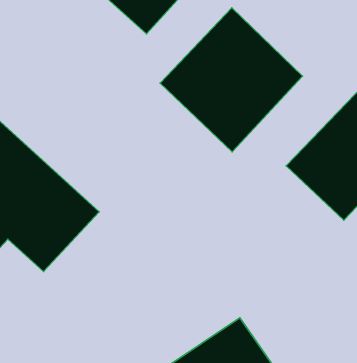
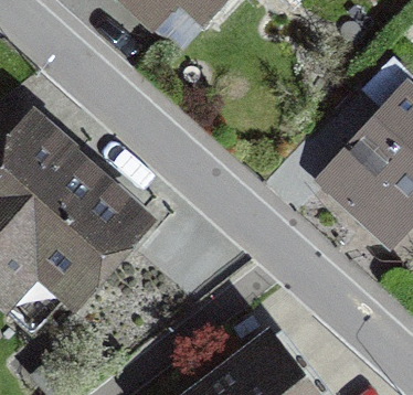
building: [160,8,303,152] -> none

